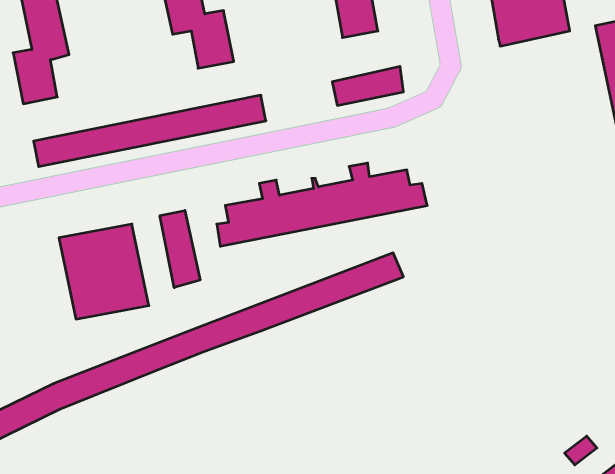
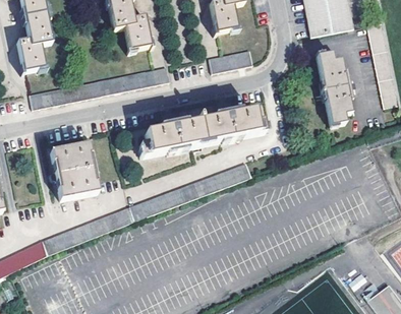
building: none -> [316,53,353,126]
building: [160,210,200,288] -> none

